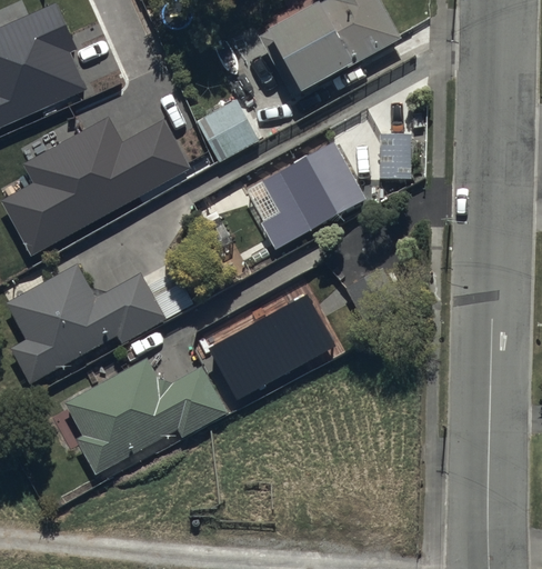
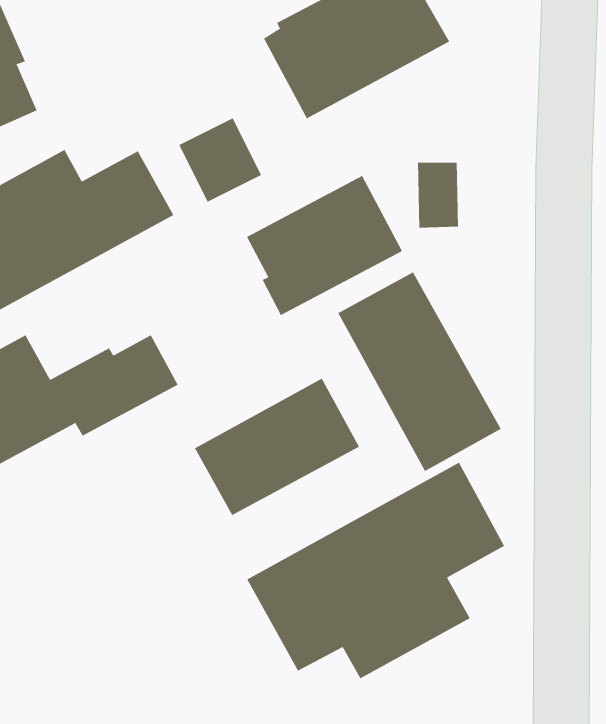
building: none -> [337,272,502,472]
building: [66,359,227,472] -> none
building: none -> [246,462,505,679]

